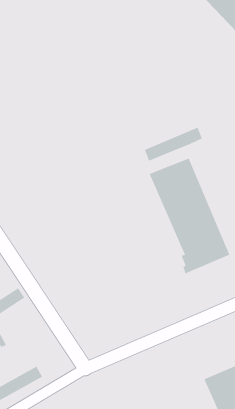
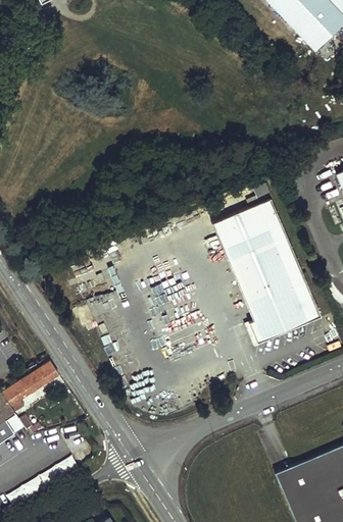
building: [144,127,203,161] -> none

